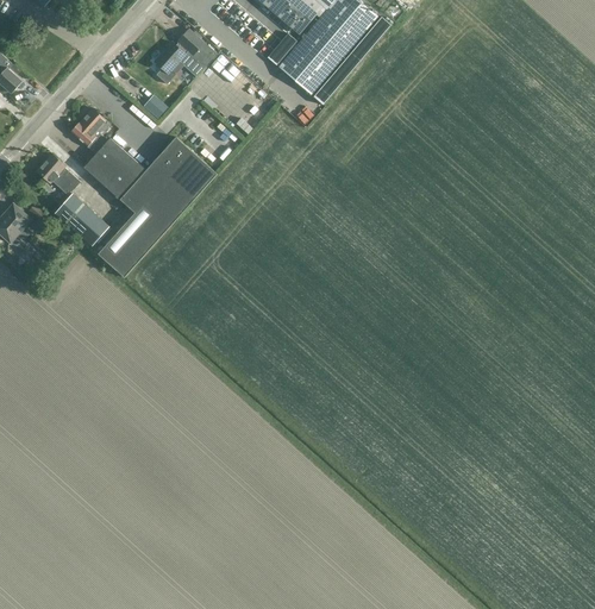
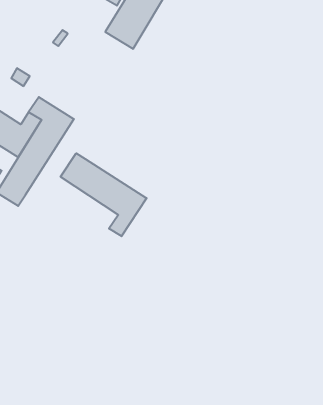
building: [154,29,215,83] -> none
building: none -> [61,153,147,236]

